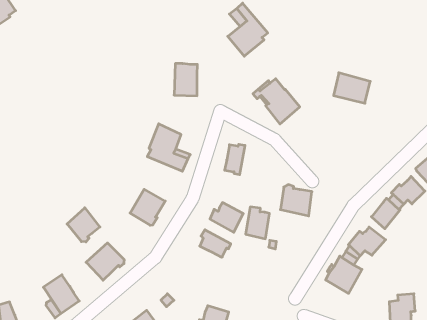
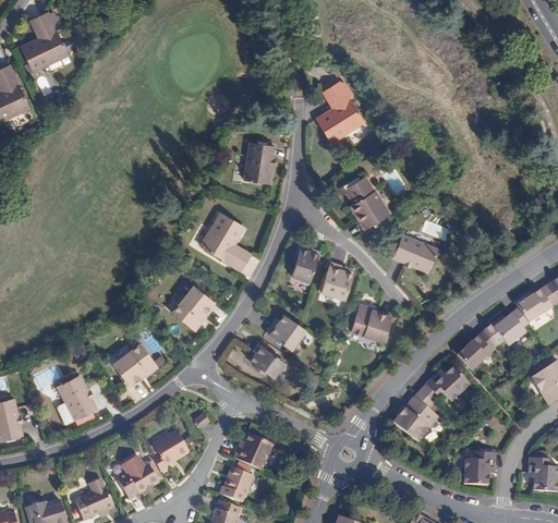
building: [334,73,370,103] -> [391,232,437,272]
building: [246,207,269,239] -> [320,260,352,301]
building: [67,208,100,242] -> none

